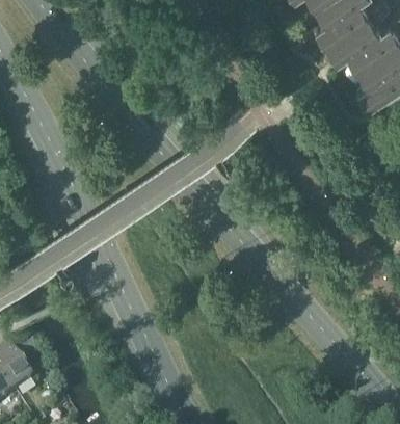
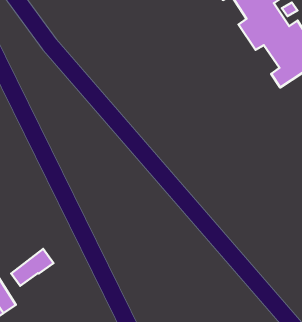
building: none -> [11,249,53,286]

